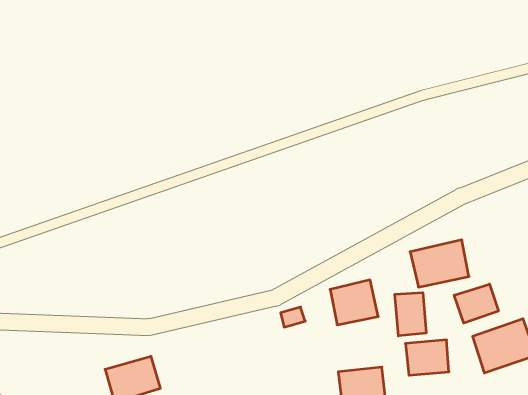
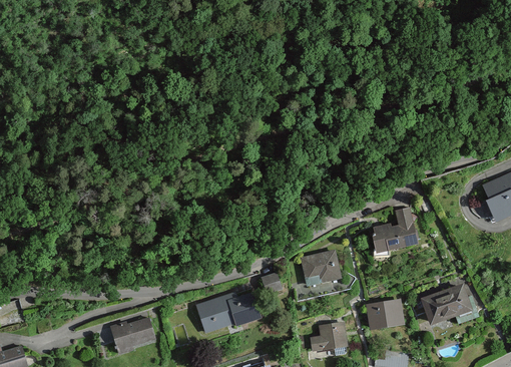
building: [454,284,498,323] -> none
building: [395,293,426,336] -> none
building: none -> [196,286,266,336]

